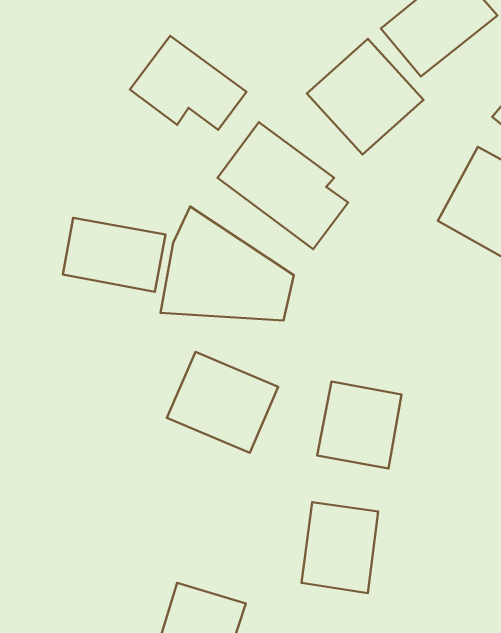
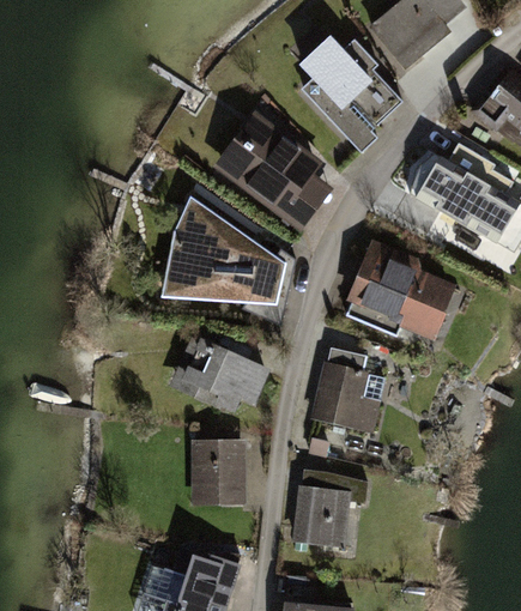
building: [130,36,246,130] -> none
building: [63,218,166,292] -> none
building: none -> [340,234,465,340]
building: none -> [190,436,248,504]

